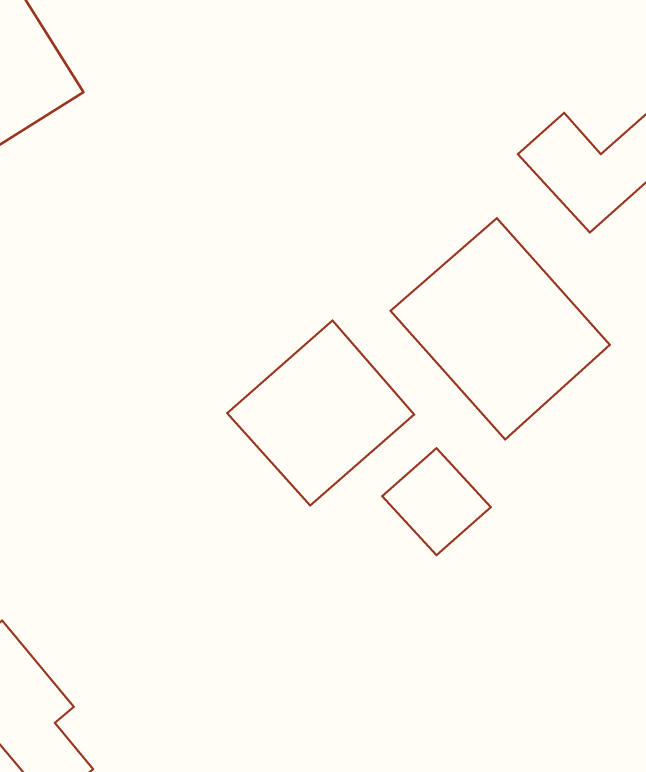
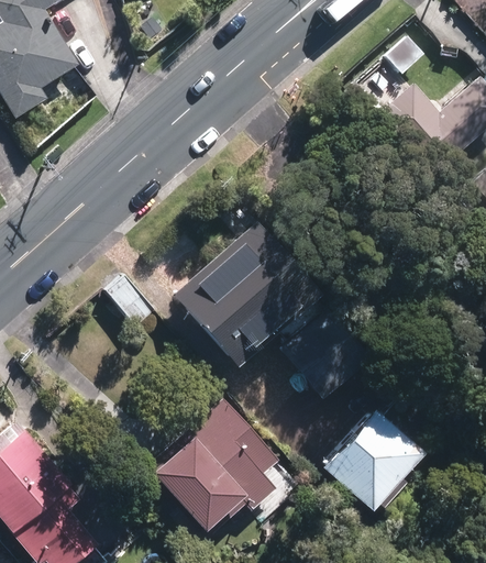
building: [391,218,610,440] -> none
building: none -> [155,407,268,520]
building: none -> [328,415,413,501]

